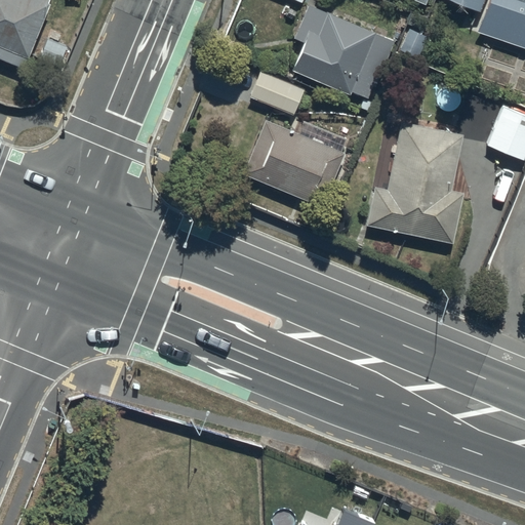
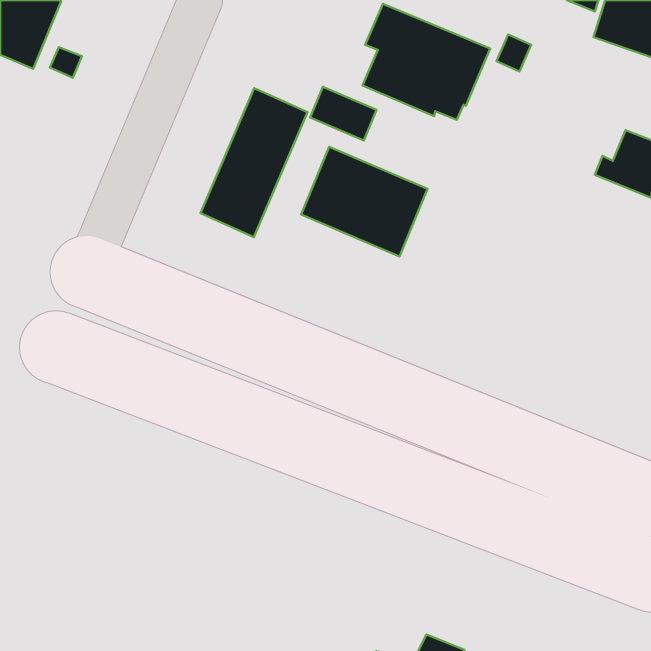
building: none -> [201,88,307,237]
building: [367,122,463,243] -> none

